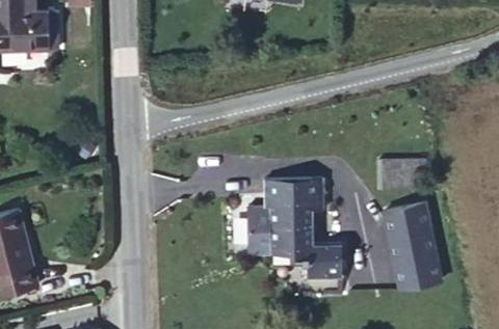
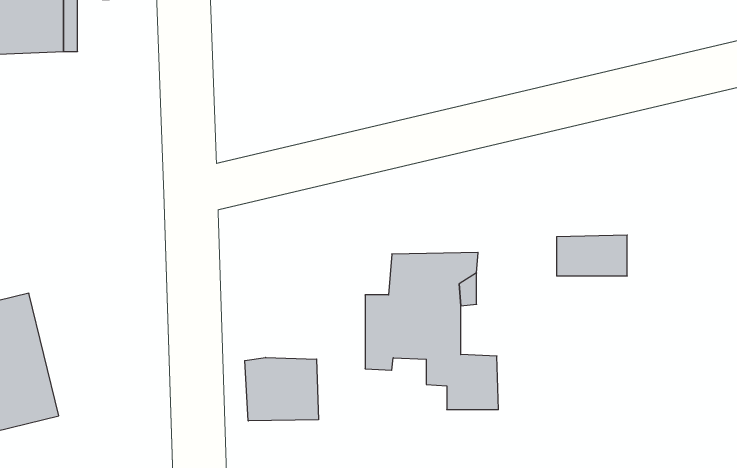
building: [379,208,437,294] -> none
building: none -> [245,357,318,421]

